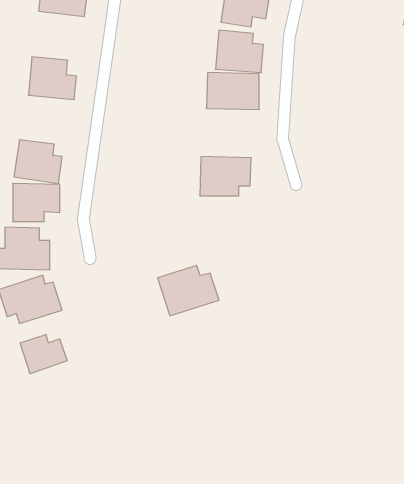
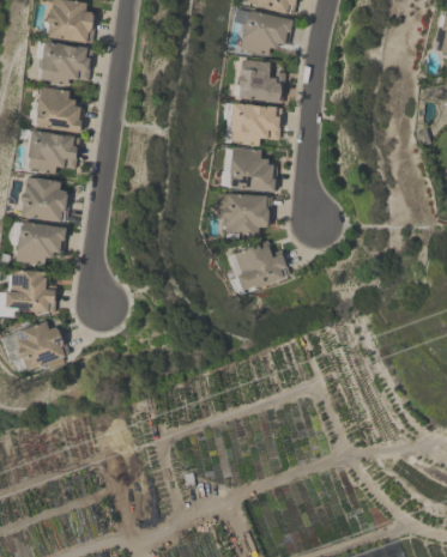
building: none -> [38,42,93,86]
building: none -> [26,132,80,174]
building: none -> [224,146,278,193]
building: [158,265,219,316] -> [225,241,291,295]
building: [20,334,67,374] -> none

